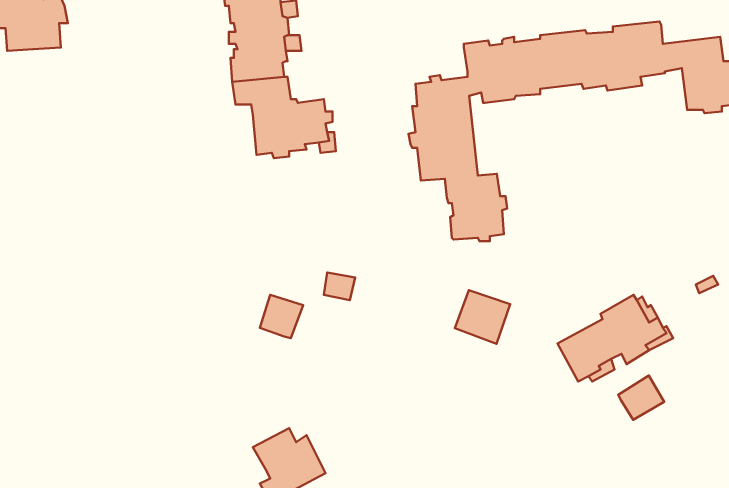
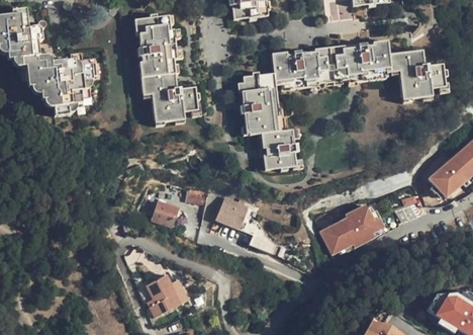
building: none -> [20,53,95,116]
building: [455,290,510,344] -> [215,194,248,226]
building: [618,375,664,420] -> none

